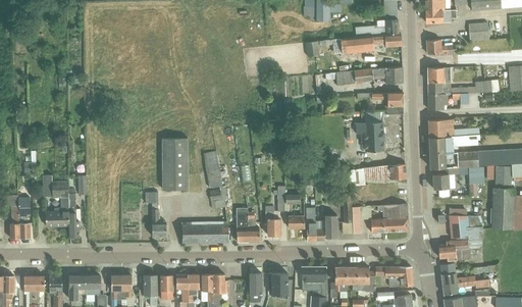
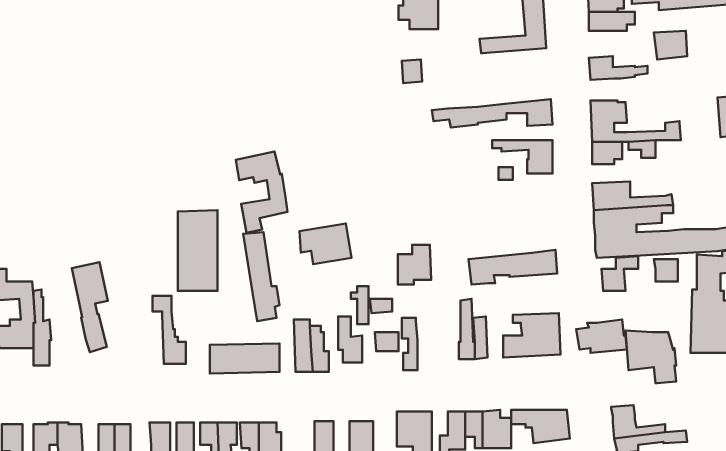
building: [340,34,400,53] -> none
building: none -> [236,152,287,233]
building: [356,122,383,151] -> none
building: none -> [299,224,352,264]
building: none -> [72,262,108,352]
building: [315,215,336,241] -> [398,245,431,284]
building: [437,239,470,260] -> [576,320,627,353]

